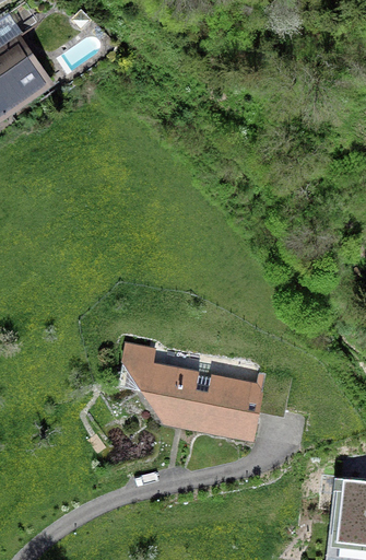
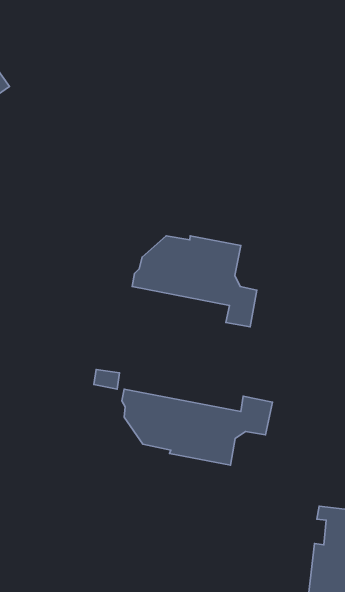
building: none -> [132,236,257,327]

